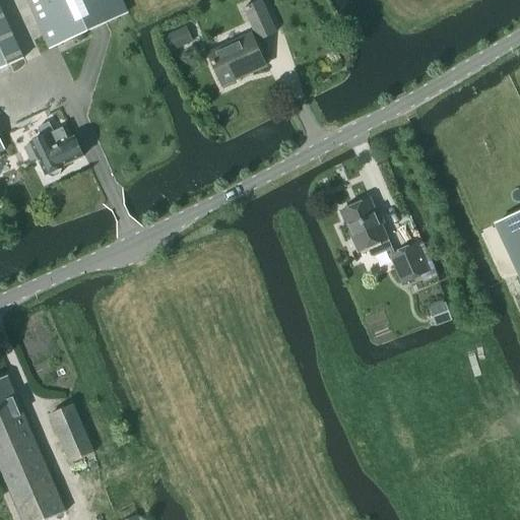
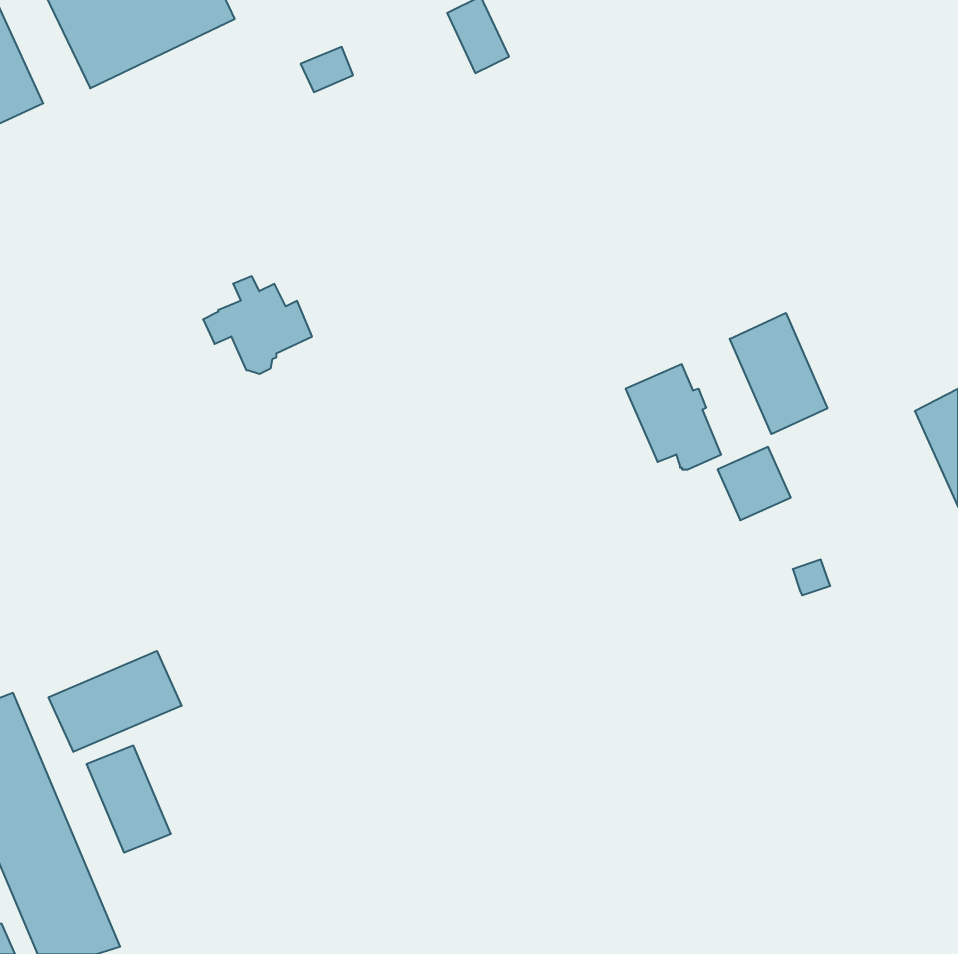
building: [206,32,263,83] -> none
building: [23,122,82,175] -> [203,276,312,374]
building: none -> [730,313,827,434]
building: none -> [49,651,182,752]

